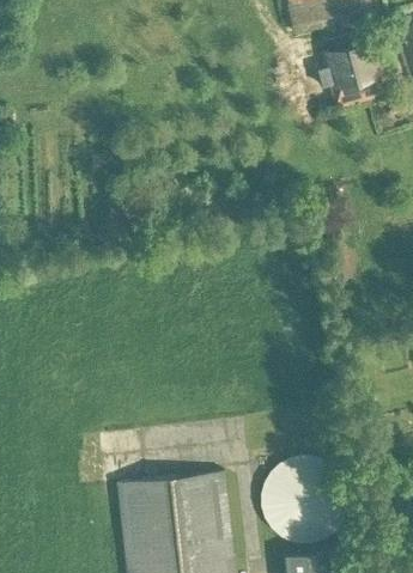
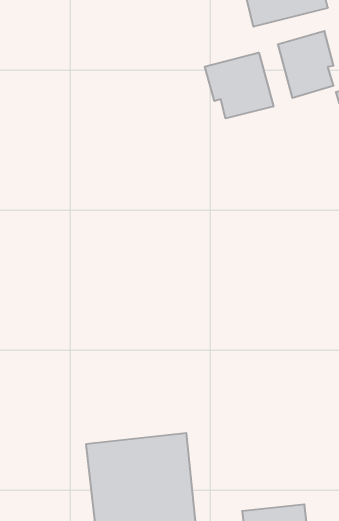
building: none -> [205,53,273,118]
building: [257,457,345,544] -> none

